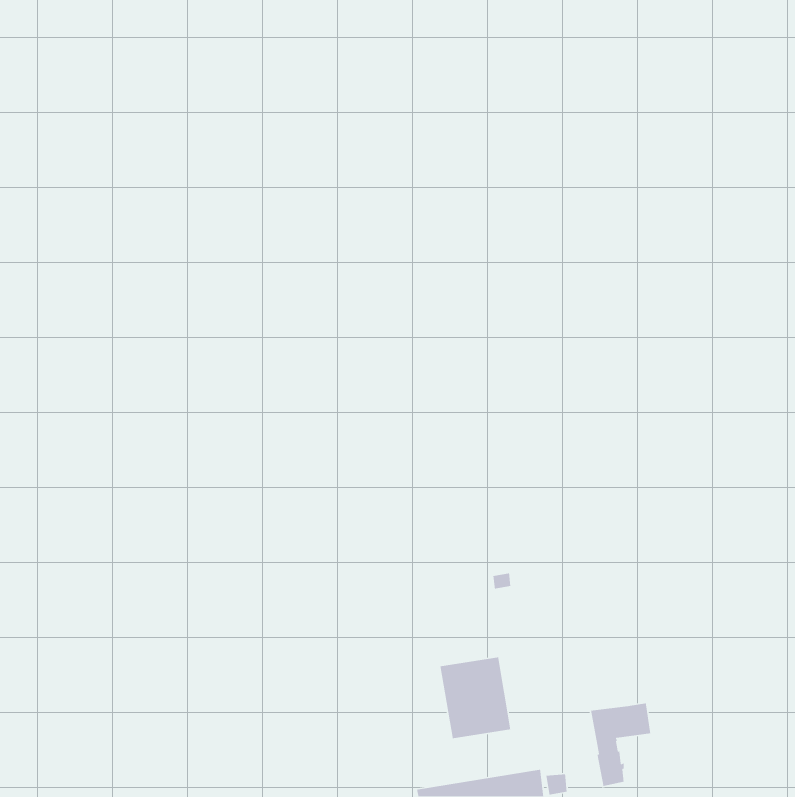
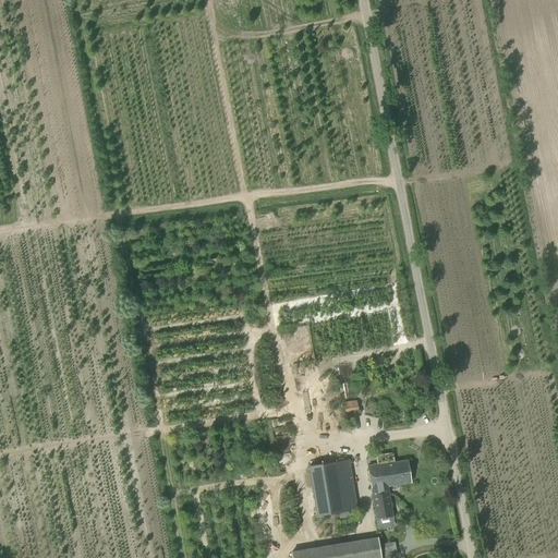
building: [590,703,651,787] -> [368,461,411,520]

